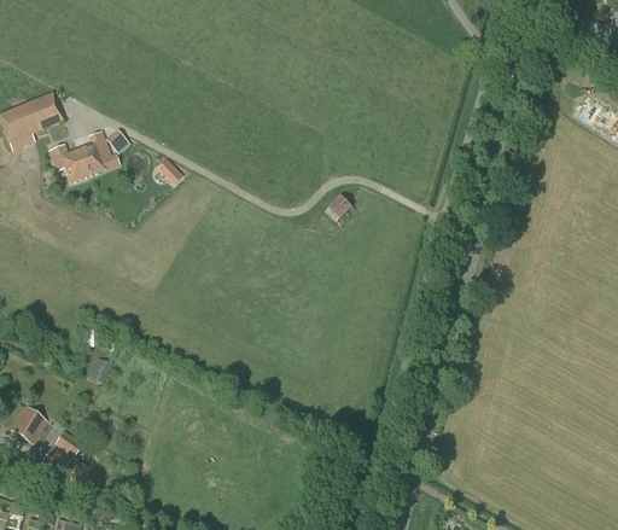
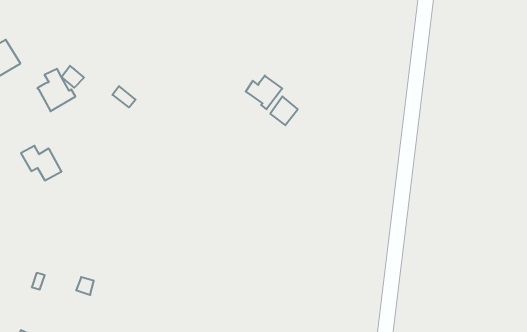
building: [48,145,89,184] -> [21,146,62,180]
building: none -> [246,75,282,109]

